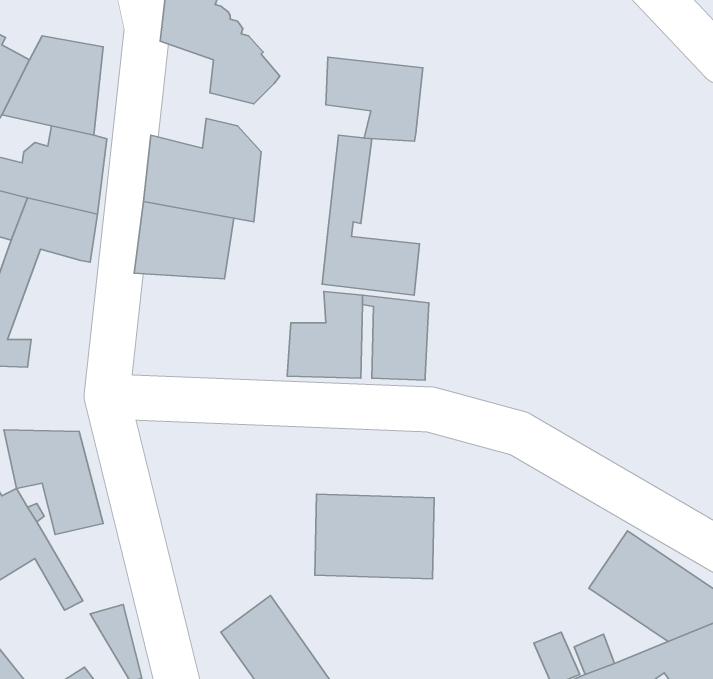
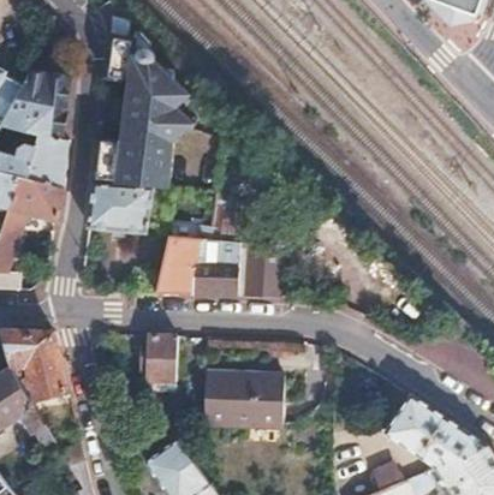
building: [326,57,423,141] -> none
building: none -> [156,235,214,296]
building: none -> [147,335,178,381]

